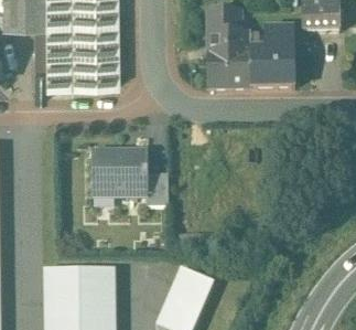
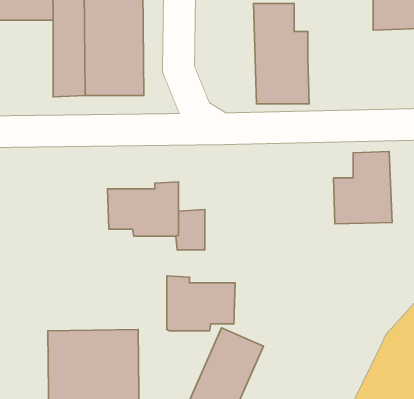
building: [249,31,295,88] -> [334,151,392,224]
building: none -> [167,276,235,331]

